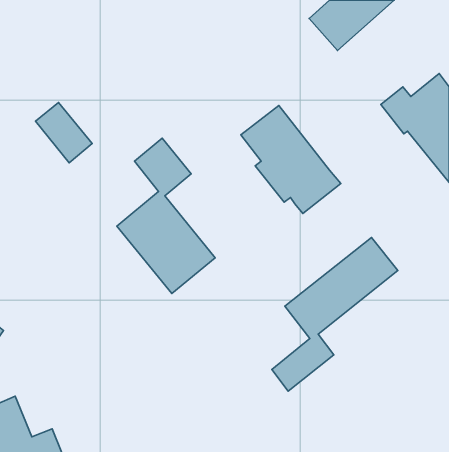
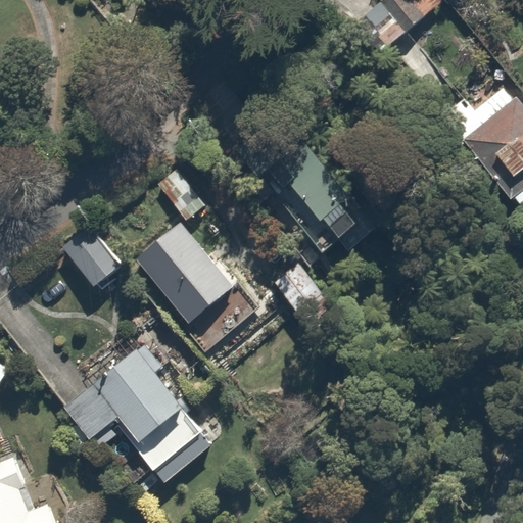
building: [36,103,92,163] -> [59,227,125,296]
building: [272,237,398,391] -> none
building: none -> [62,345,206,479]

